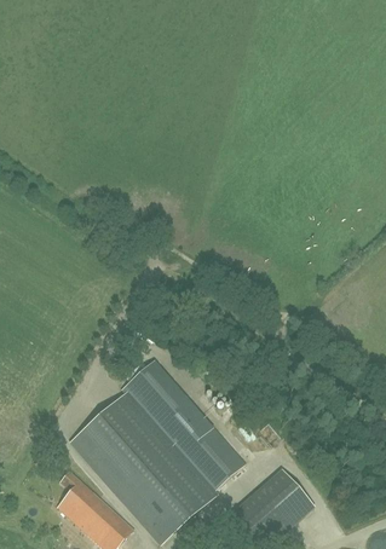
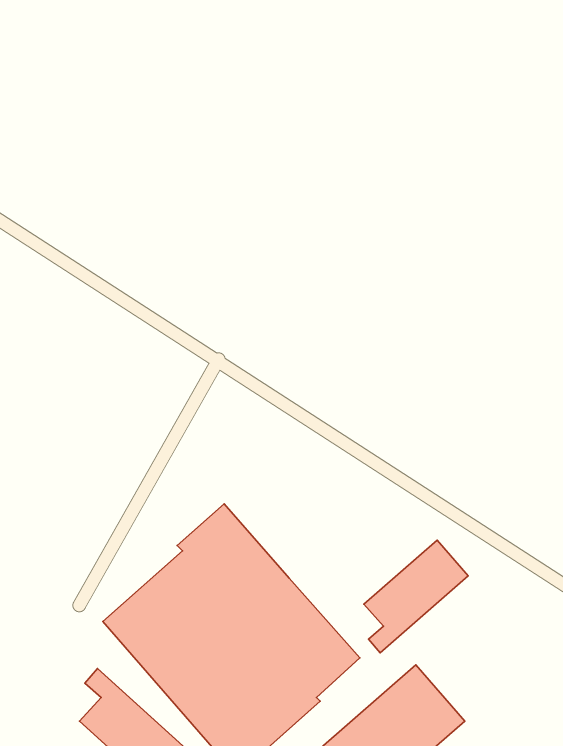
building: none -> [364,540,468,653]

